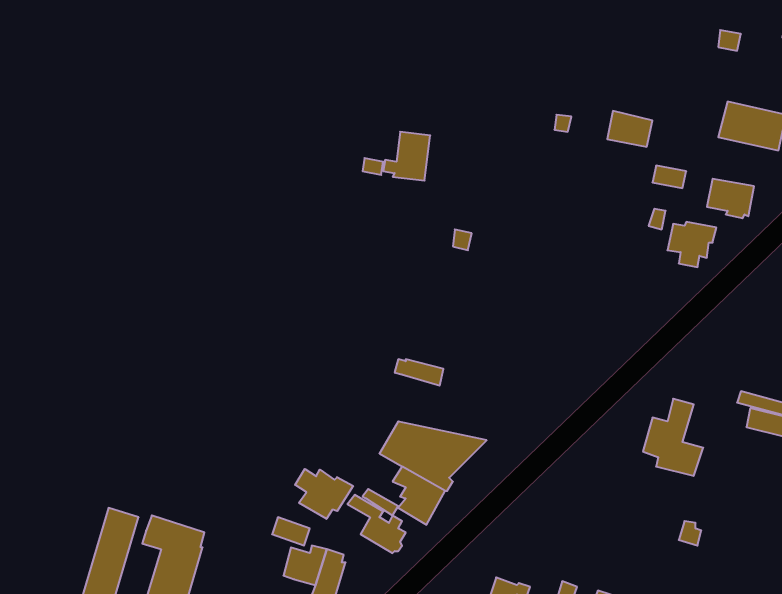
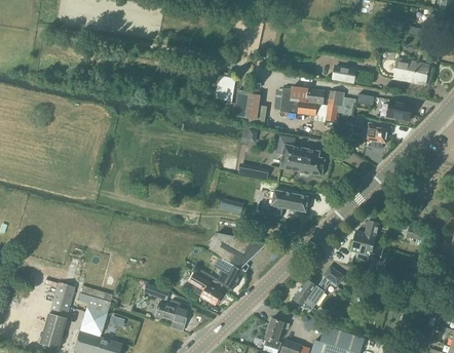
building: none -> [273,86,325,116]
building: none -> [326,89,354,121]
building: none -> [233,90,260,120]
building: none -> [276,134,325,175]
building: none -> [270,189,309,214]
building: [295,469,353,519] -> none
building: none -> [293,266,344,310]

